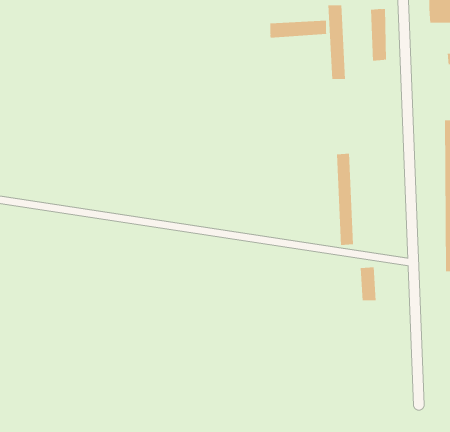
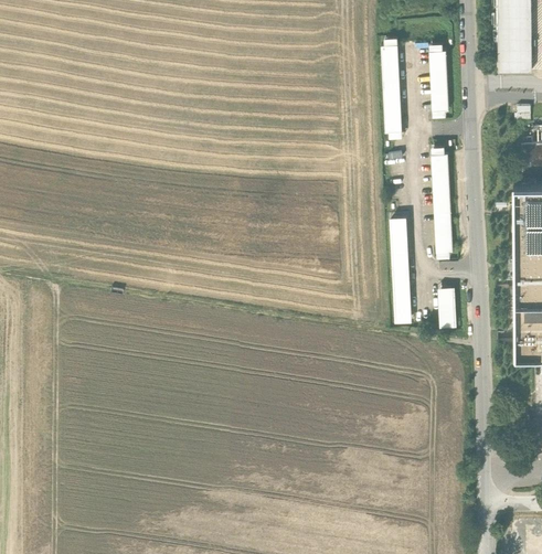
building: [270,20,327,38] -> none
building: none -> [432,156,453,254]
building: [360,267,376,301] -> [438,288,457,327]

